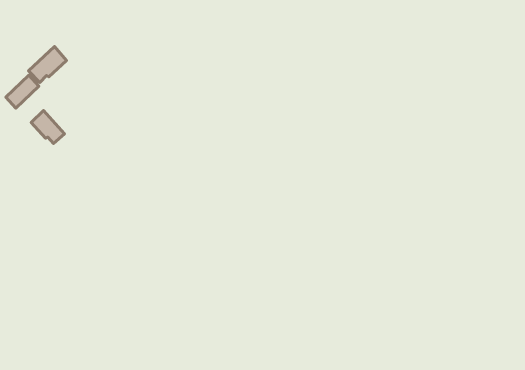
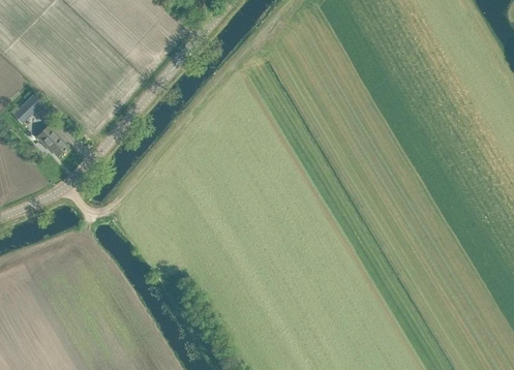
building: [29,46,67,83] -> none

